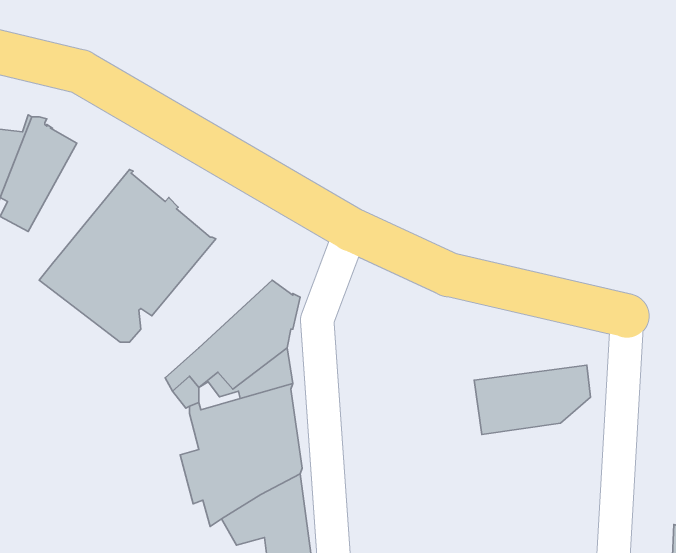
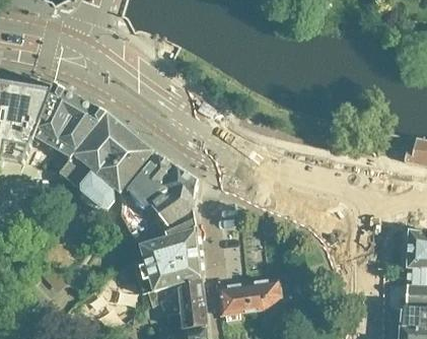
building: none -> [54,99,109,158]
building: none -> [122,154,186,226]
building: [474,365,591,435] -> [218,279,281,317]

